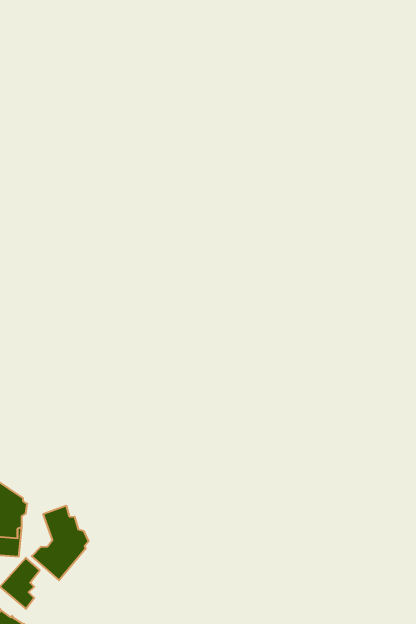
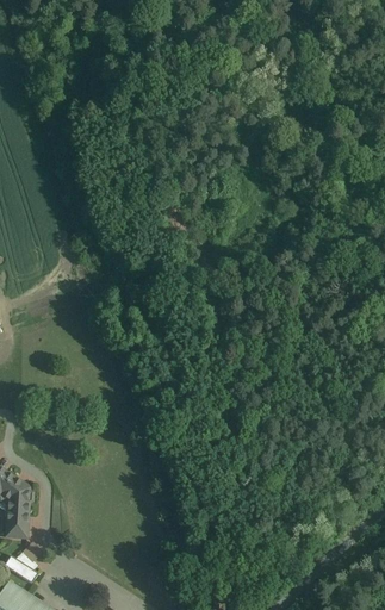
building: [32,506,88,580] -> none

